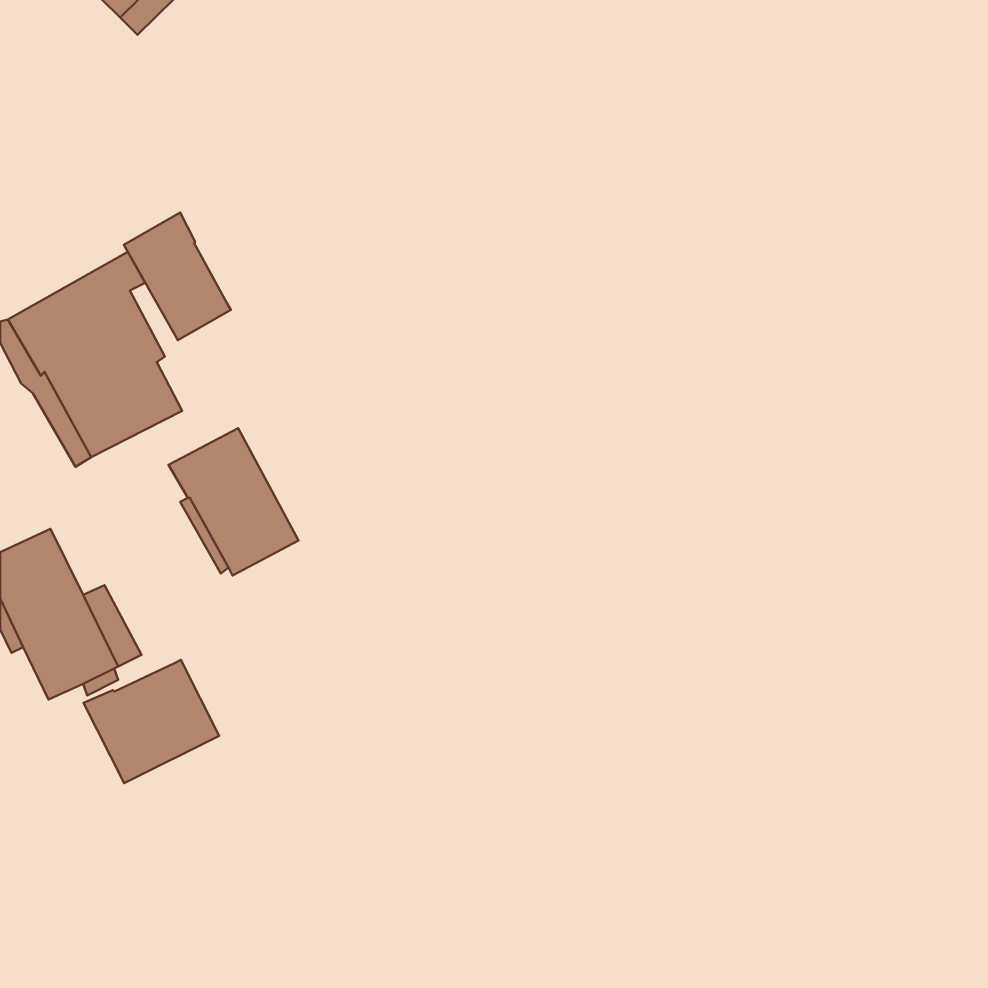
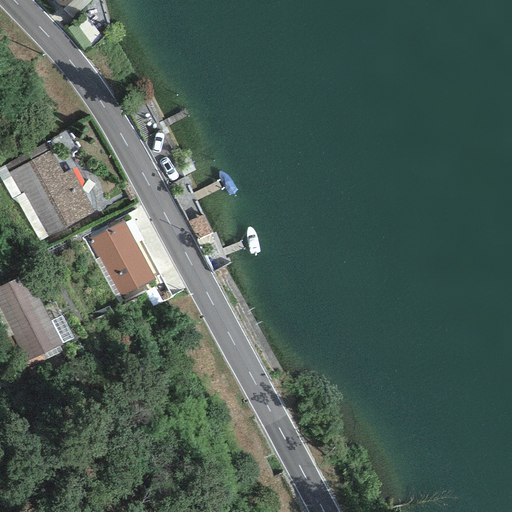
building: [124,212,231,340] -> none
building: [84,660,219,783] -> none

